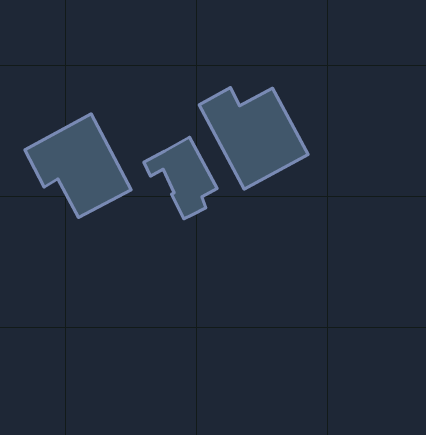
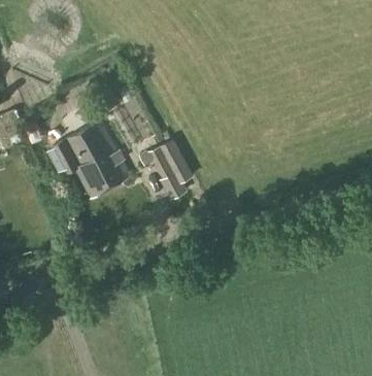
building: [199,87,308,189] -> none

